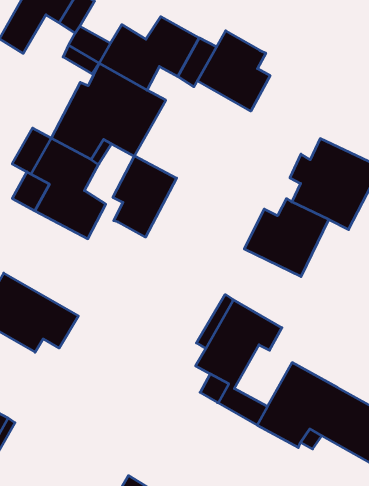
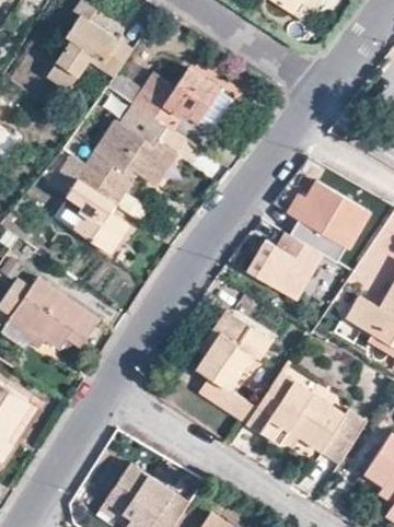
building: [197,31,270,111] -> none
building: [113,156,177,237] -> none

